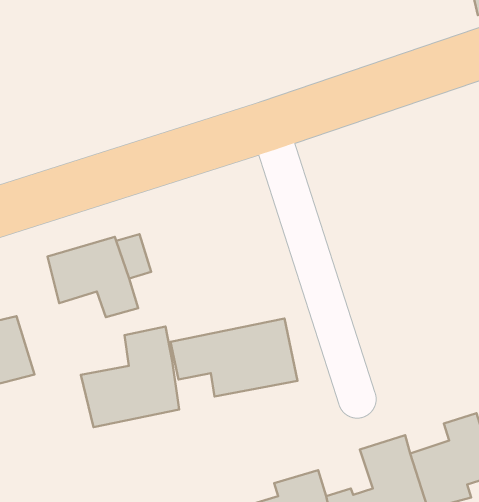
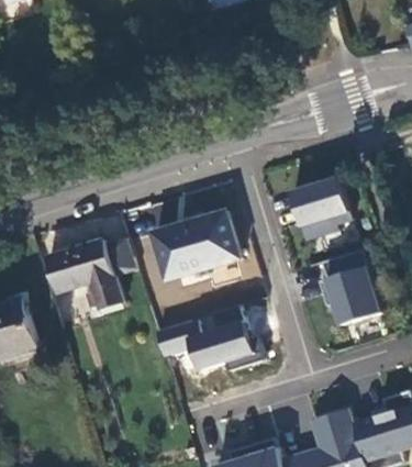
building: none -> [292,176,354,238]
building: none -> [156,215,237,282]
building: none -> [321,247,383,324]
building: [81,327,179,427] -> none

